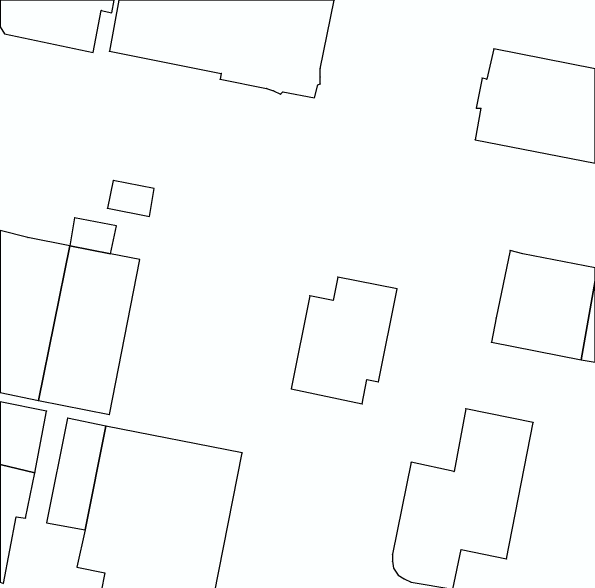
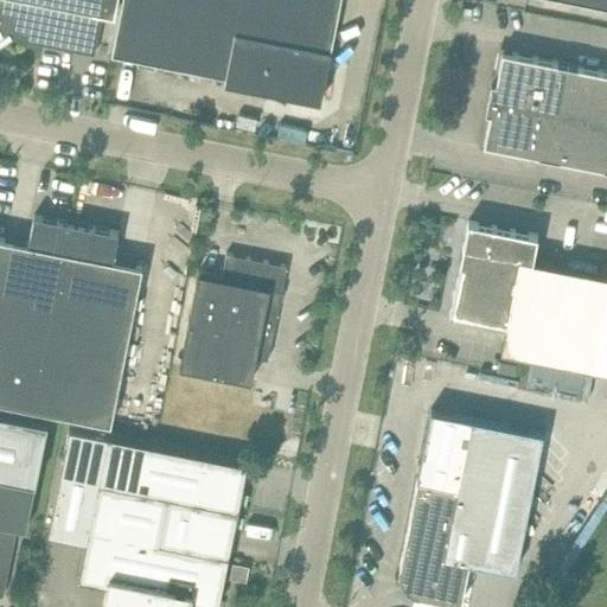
building: [107,180,154,216] -> [28,221,76,257]
building: none -> [449,226,537,331]
building: [291,277,397,404] -> [179,258,287,388]
building: none -> [418,415,474,487]

